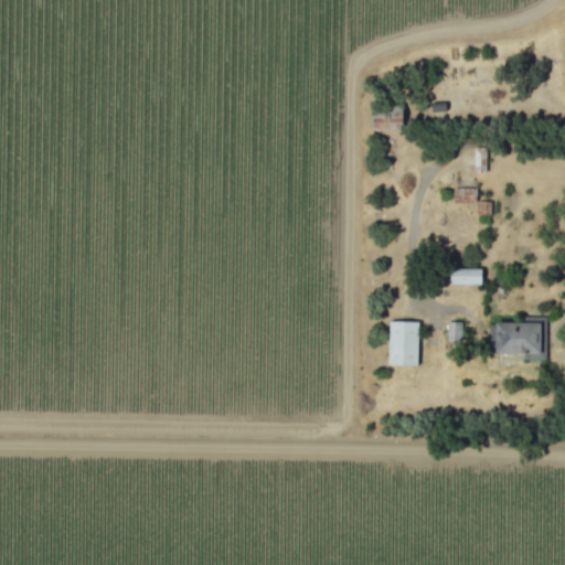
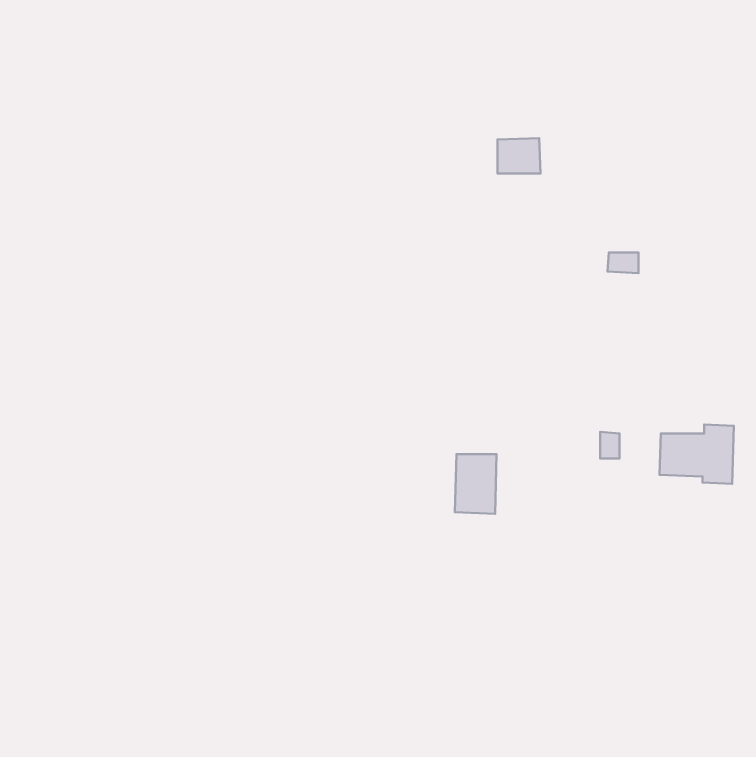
building: [451,269,482,286] -> none
building: [388,322,419,366] -> [455,454,497,514]

